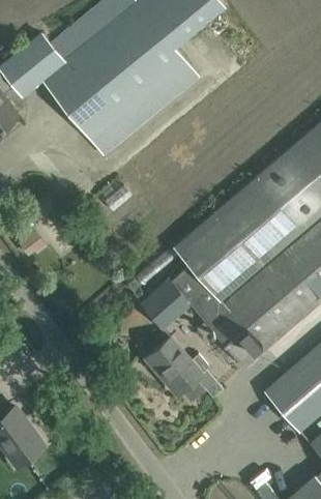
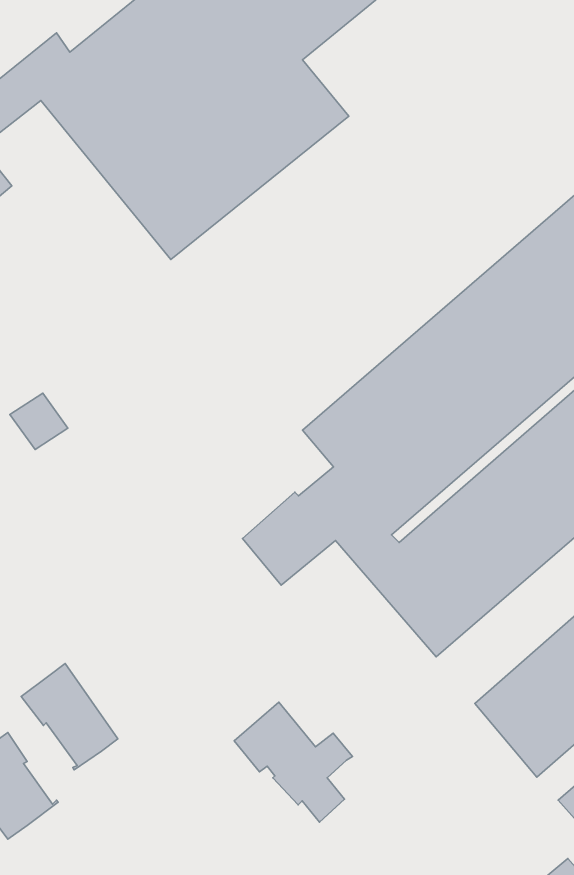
building: [147,339,210,403] -> [234,702,352,822]
building: none -> [21,664,118,770]

